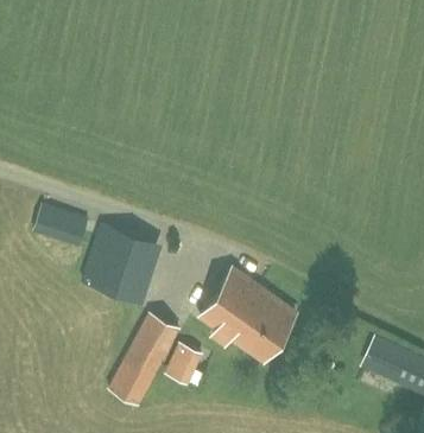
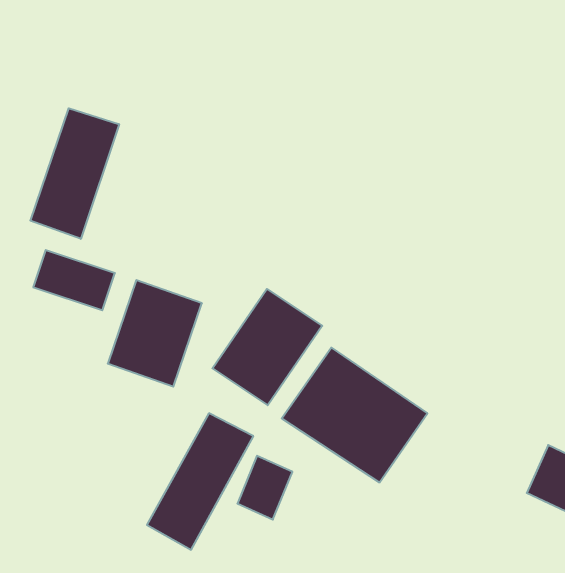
building: none -> [30,108,119,239]
building: none -> [212,289,322,405]

